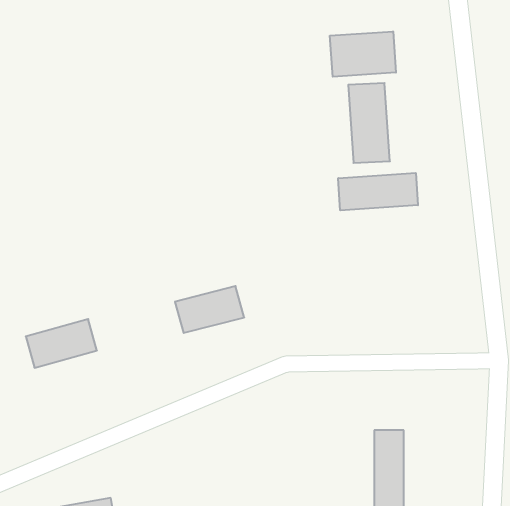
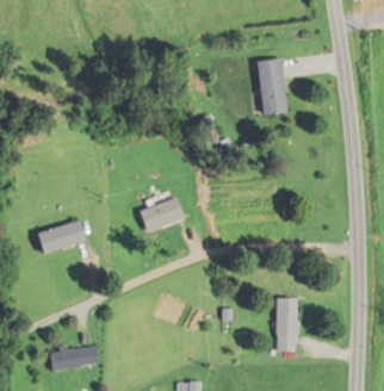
building: [330,31,396,77] -> none
building: [338,173,418,210] -> none

